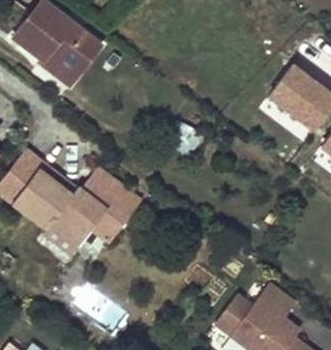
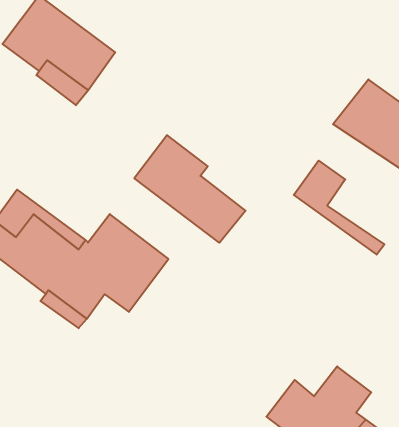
building: none -> [134,135,246,243]
building: none -> [294,161,384,255]

